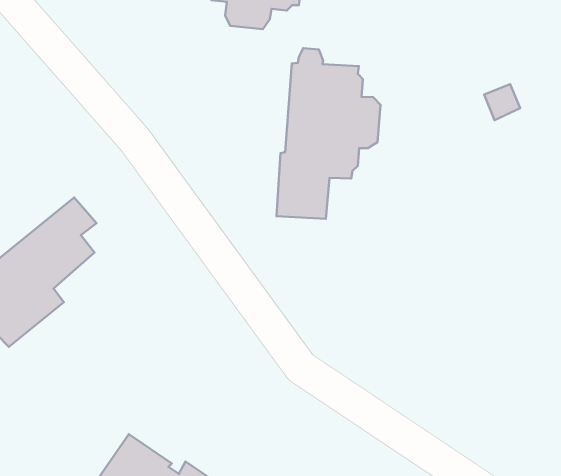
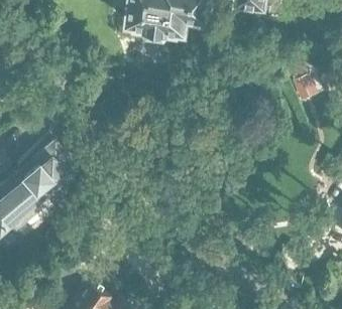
building: [276,48,381,219] -> none

